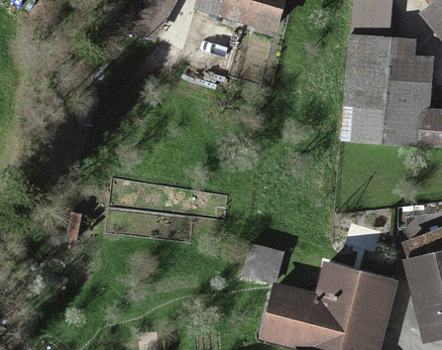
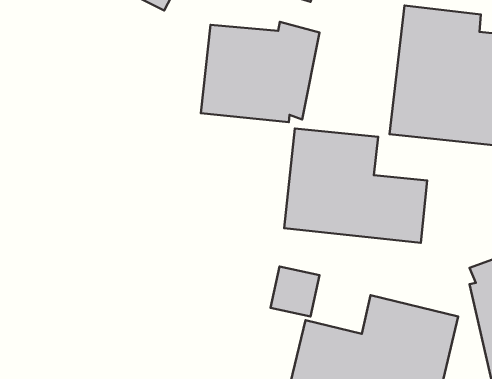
building: none -> [201,22,319,122]
building: none -> [284,128,427,243]

